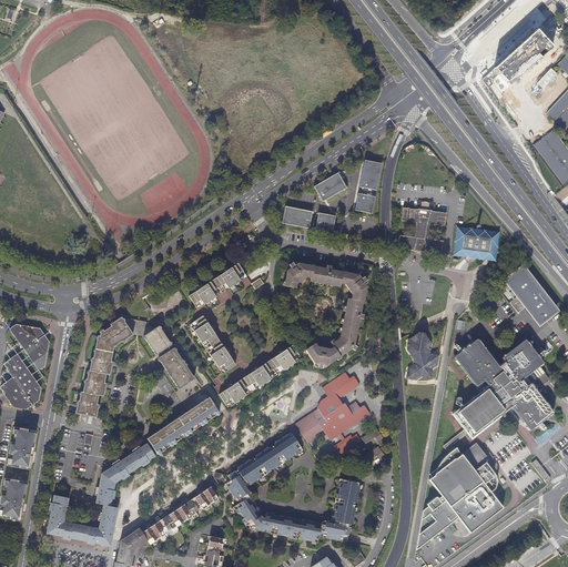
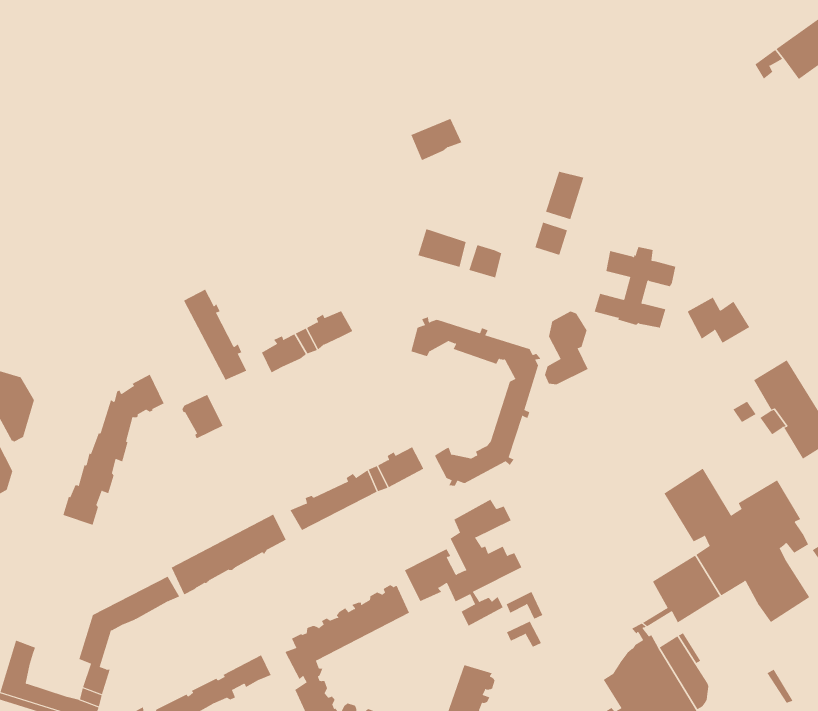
building: [314,172,347,201] -> [410,118,462,161]
building: [190,315,235,372] -> [183,289,247,381]
building: [407,331,435,378] -> [544,311,589,385]
building: [158,347,194,388] -> none

